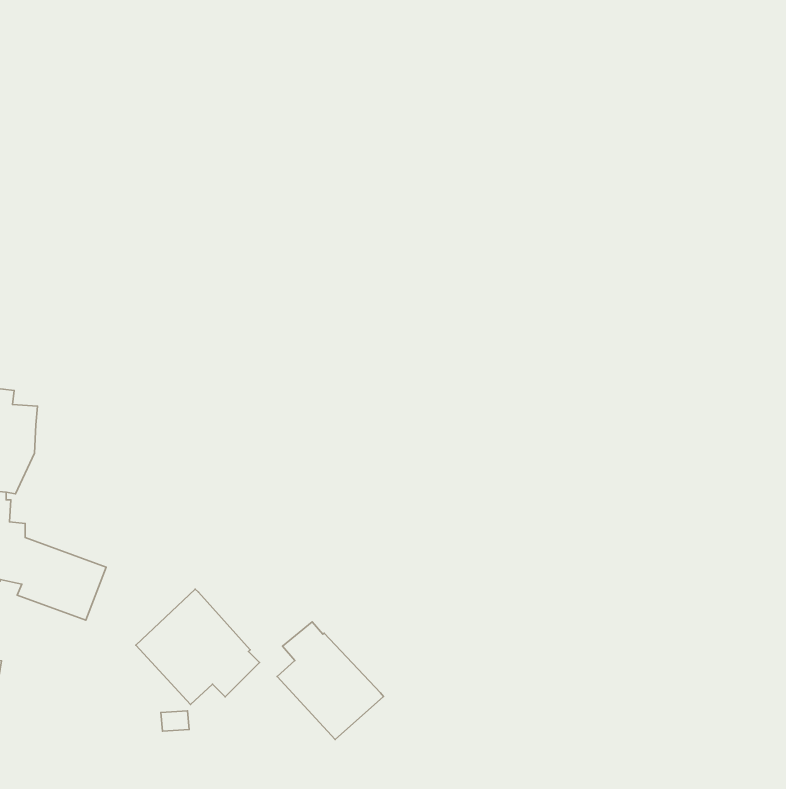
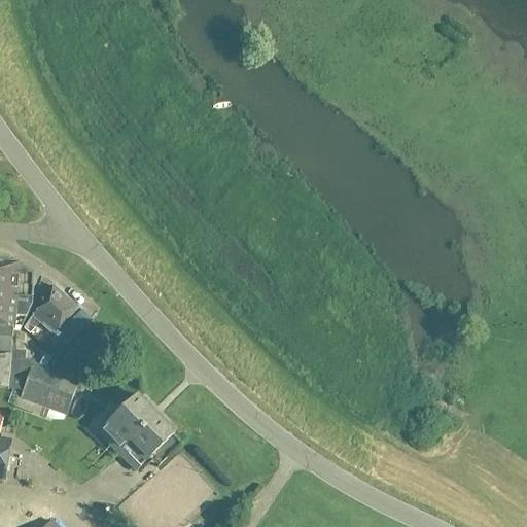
building: none -> [14,279,82,340]
building: [277,622,384,739] -> none

